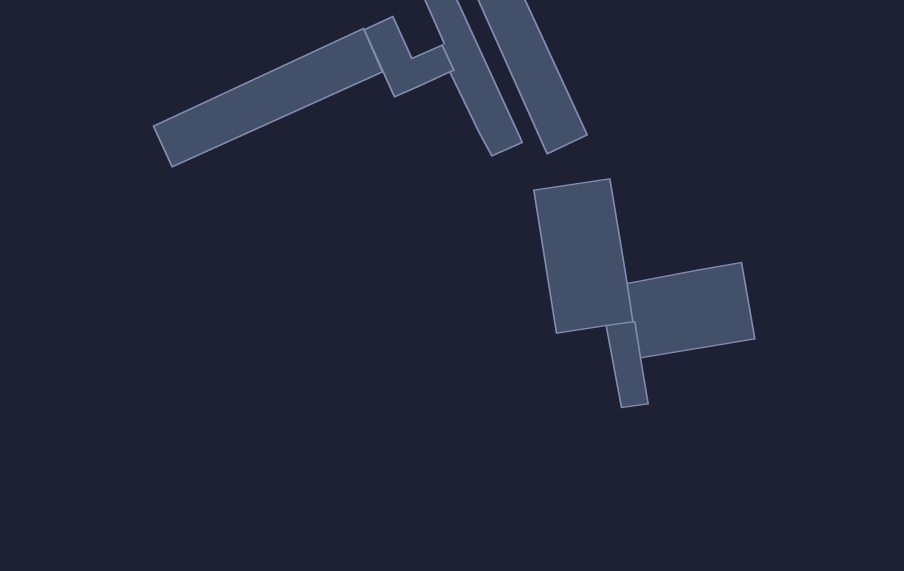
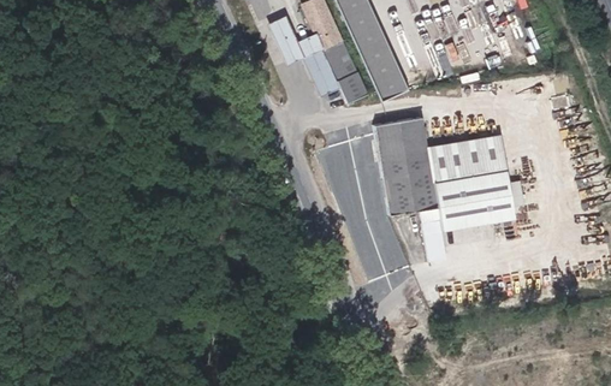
building: [153,28,383,167] -> none
building: none -> [304,49,340,96]
building: none -> [428,133,506,183]

